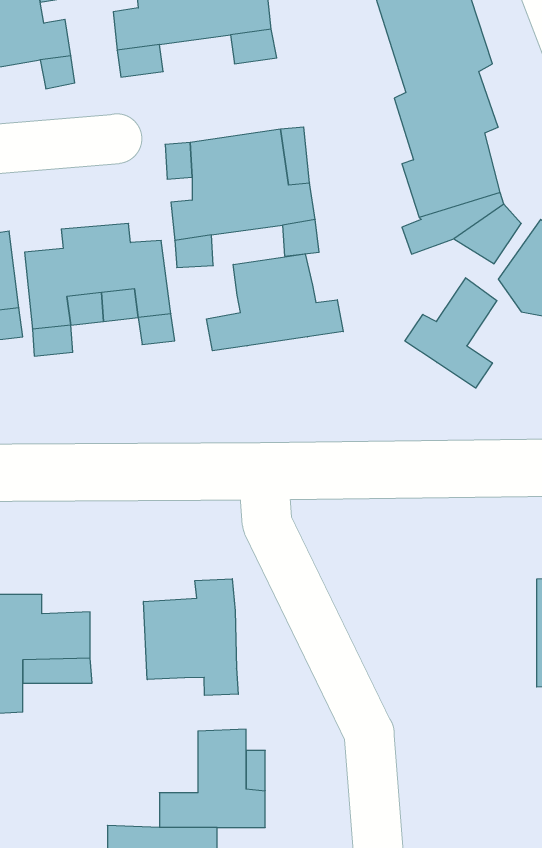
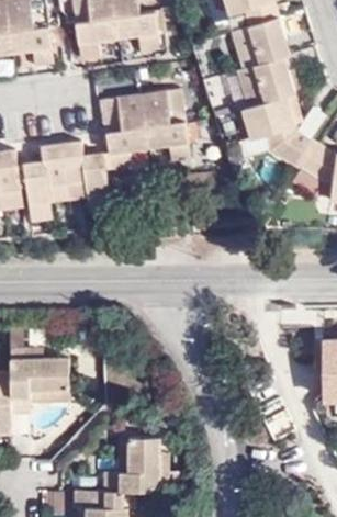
building: [207,254,343,351] -> none
building: [405,278,497,388] -> none
building: [144,579,238,695] -> none

